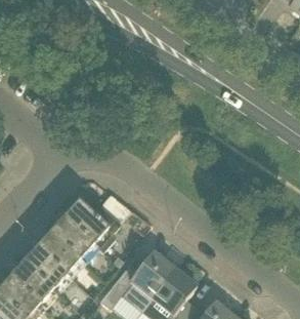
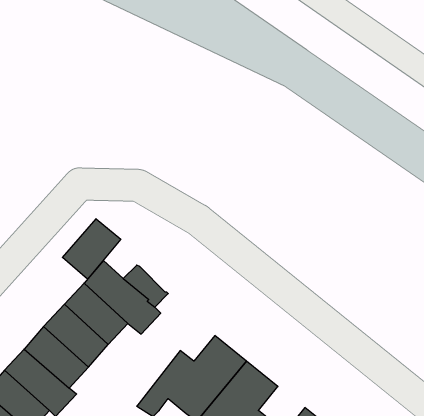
building: none -> [62,219,121,279]

